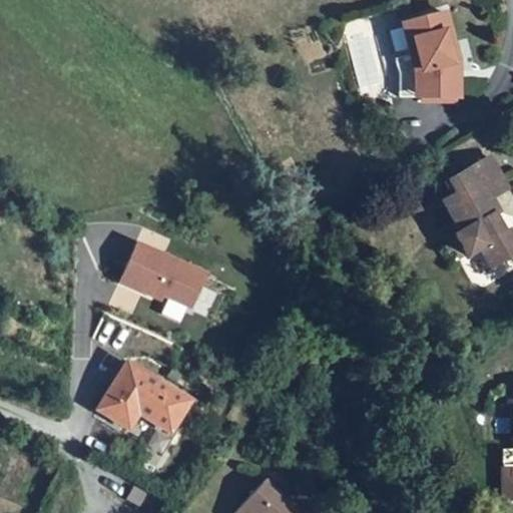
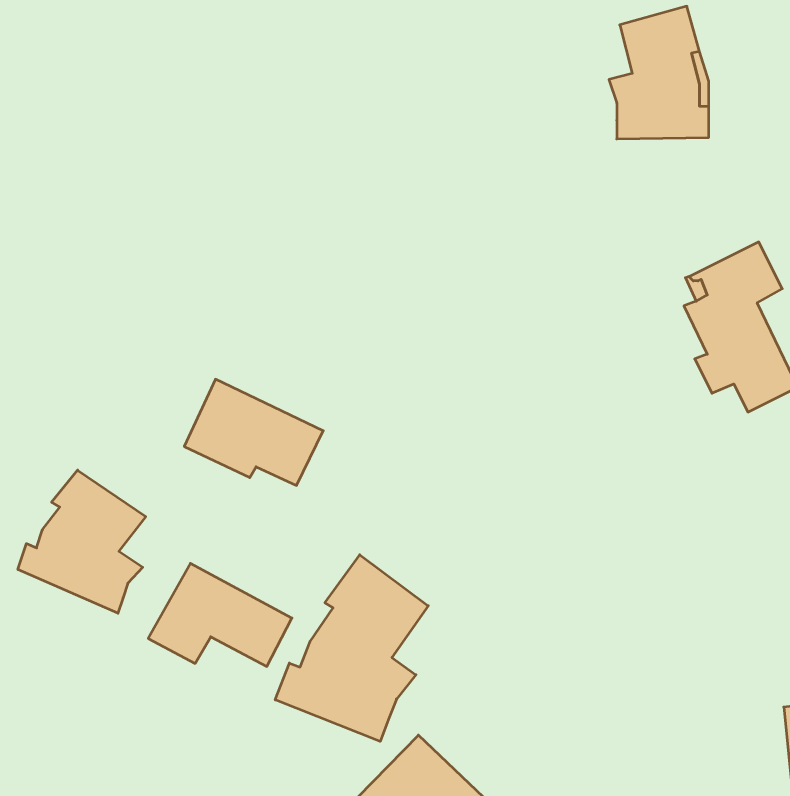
building: none -> [18,470,146,613]
building: none -> [275,555,428,741]

